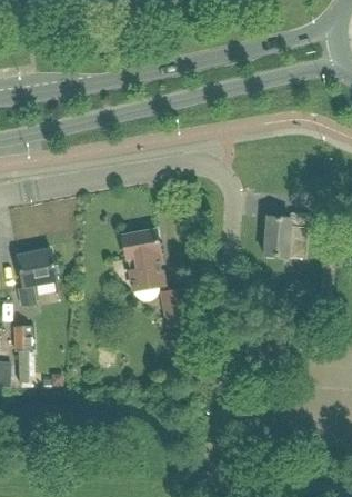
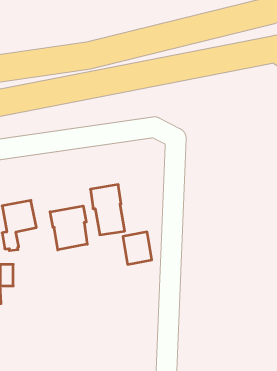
building: [263,211,310,258] -> none
building: none -> [50,206,87,250]

